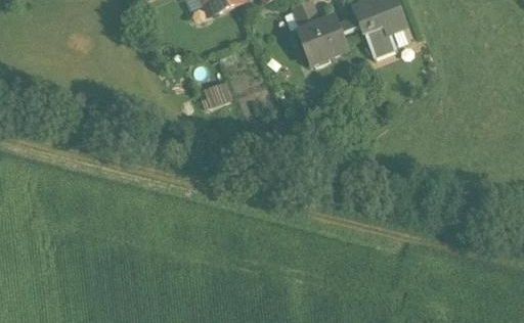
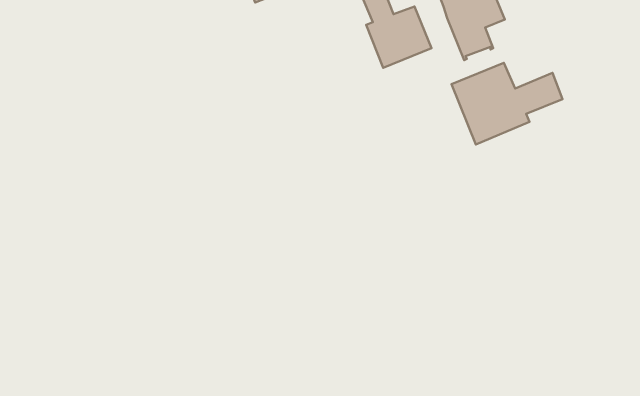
building: none -> [451,63,562,144]

